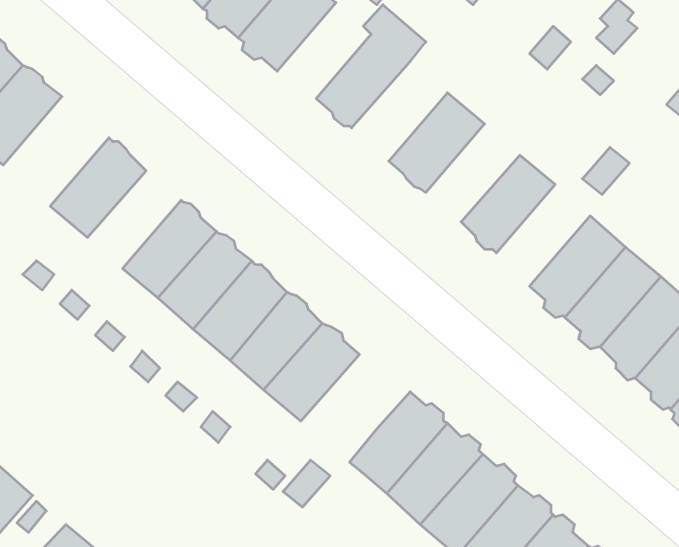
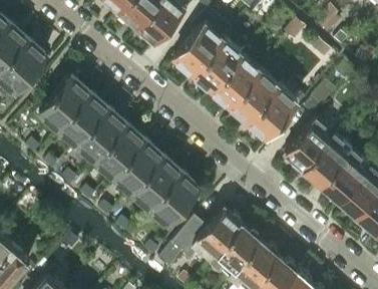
building: none -> [194,37,243,88]
building: none -> [232,69,280,119]
building: none -> [58,93,106,143]
building: none -> [172,216,207,257]

